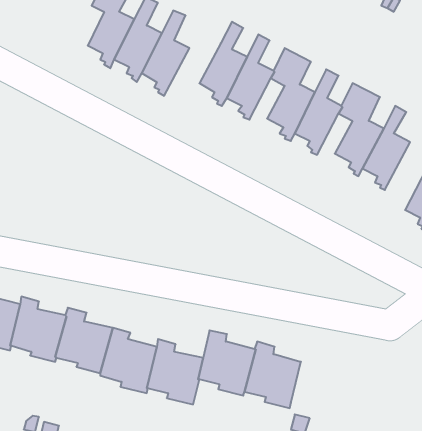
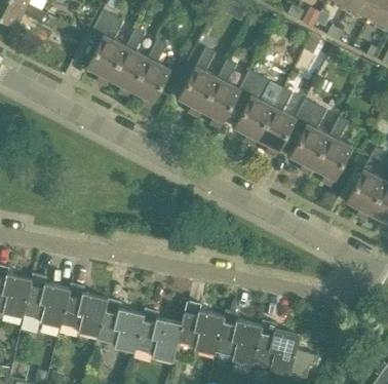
building: none -> [254,319,319,378]

